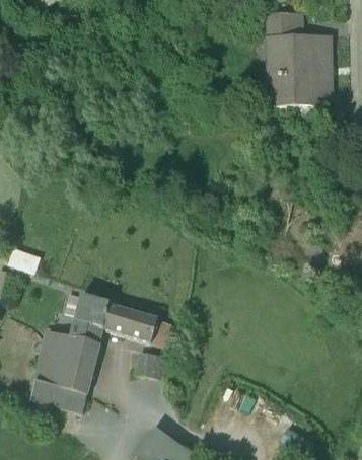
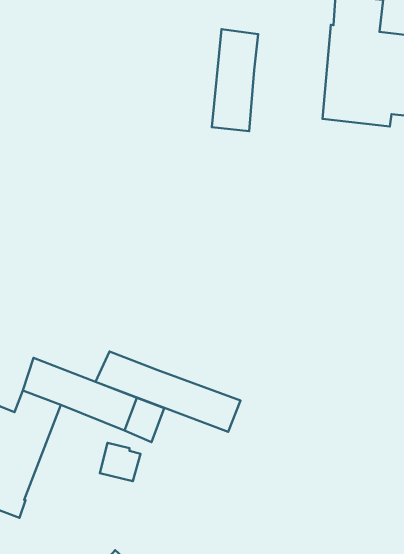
building: none -> [212,29,258,131]
building: none -> [96,352,241,432]

